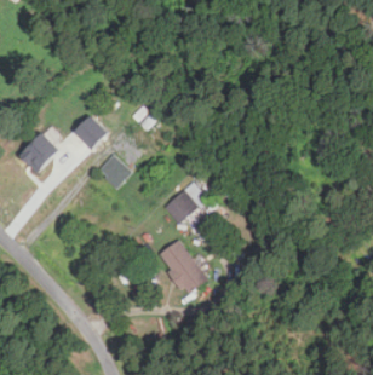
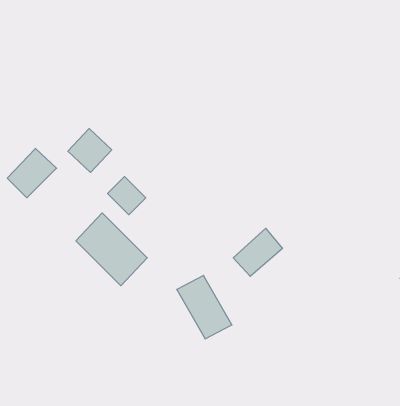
building: [165,181,207,223] -> [233,228,283,276]
building: none -> [76,213,147,286]

